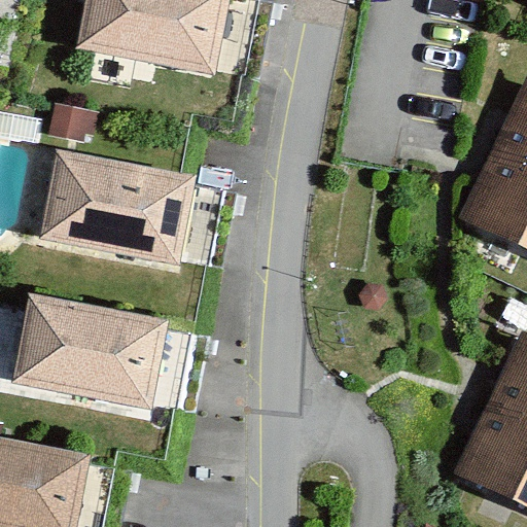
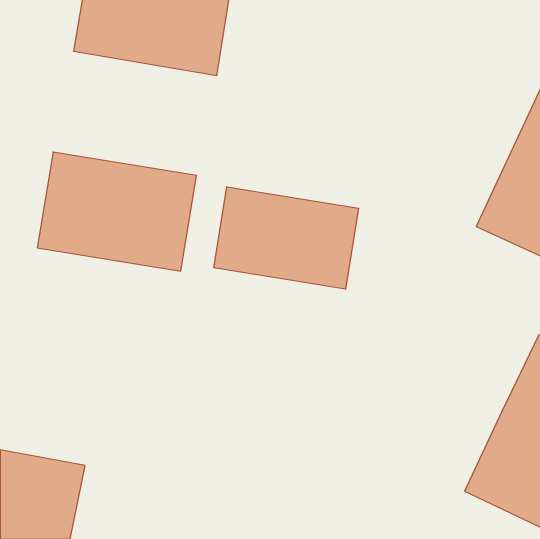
building: none -> [214,187,358,289]
building: [11,294,165,411] -> none

